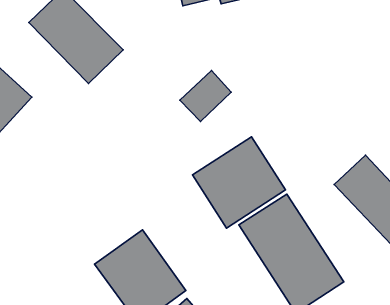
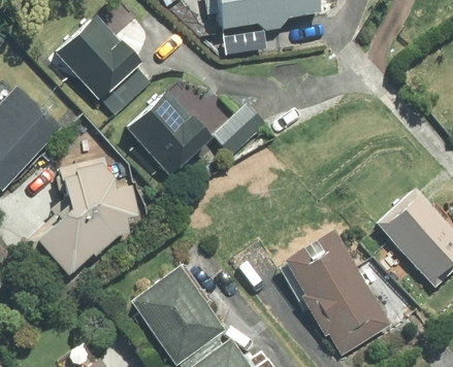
building: none -> [127,86,214,173]
building: none -> [34,161,138,276]
building: [193,137,286,228] -> none

